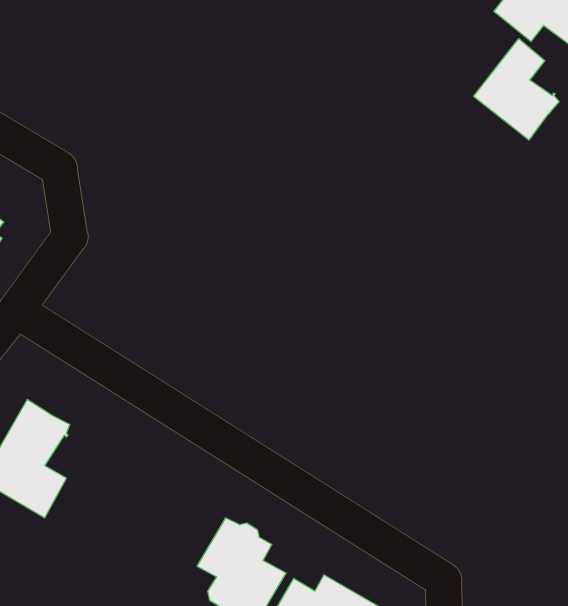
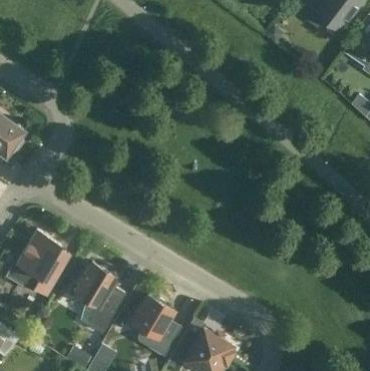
building: [474,39,559,140] -> none
building: none -> [73,263,125,334]

